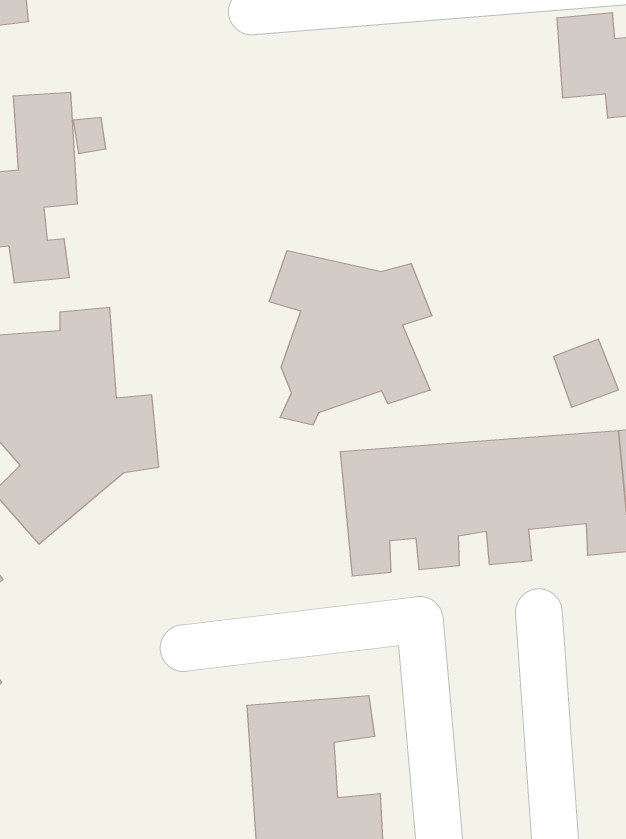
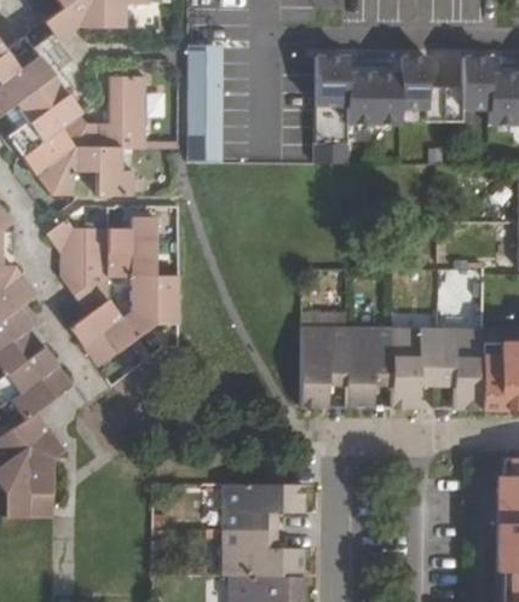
building: none -> [318,57,448,163]
building: none -> [190,46,225,162]
building: [269,251,432,425] -> none

